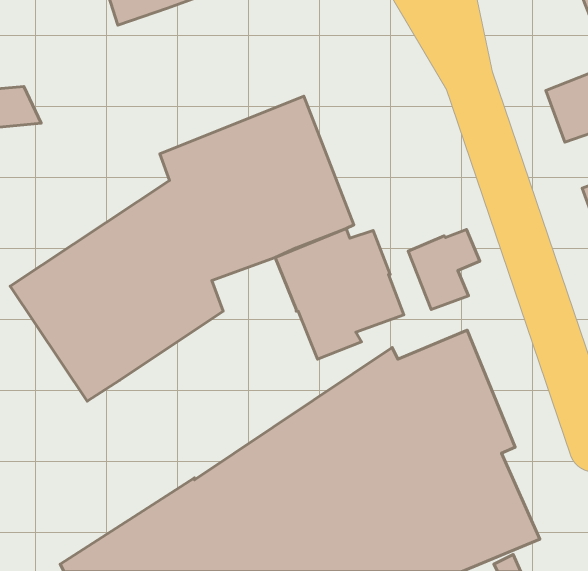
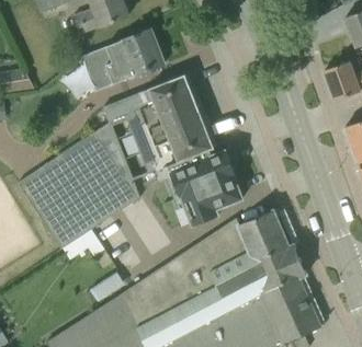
building: none -> [88,30,163,89]
building: [408,230,480,309] -> none

